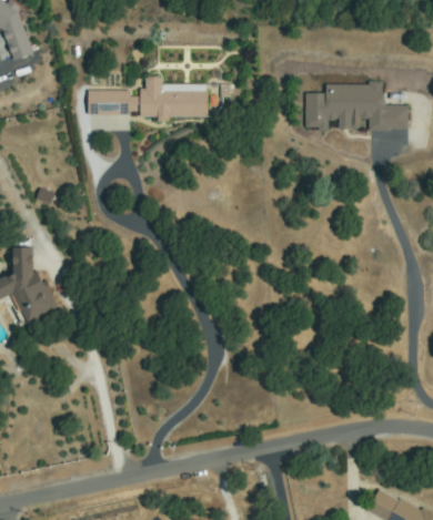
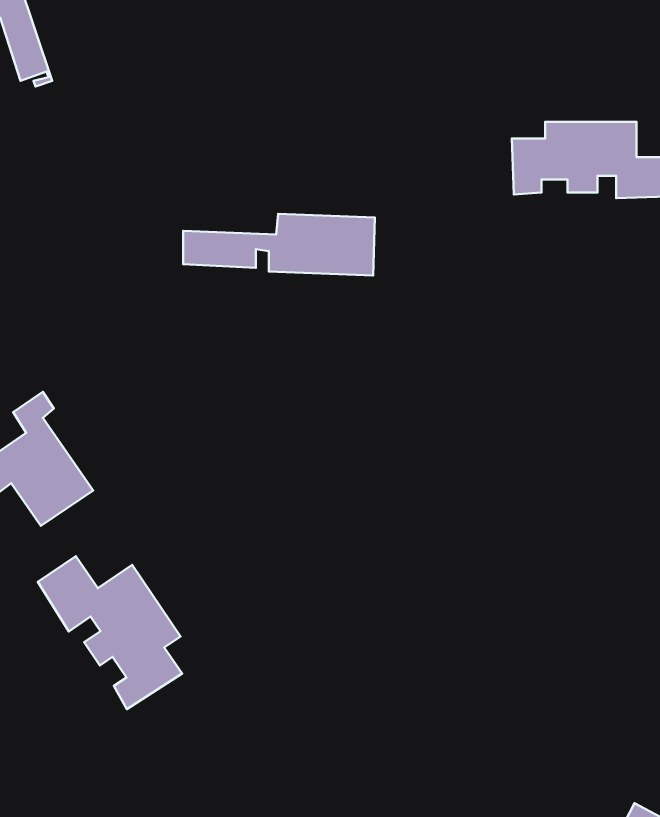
building: [91,82,205,119] -> [183,214,375,275]
building: none -> [38,556,182,709]

